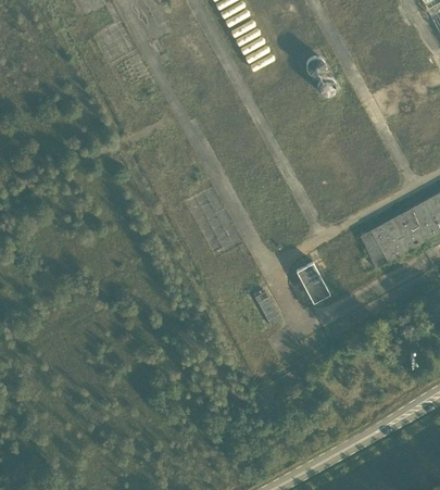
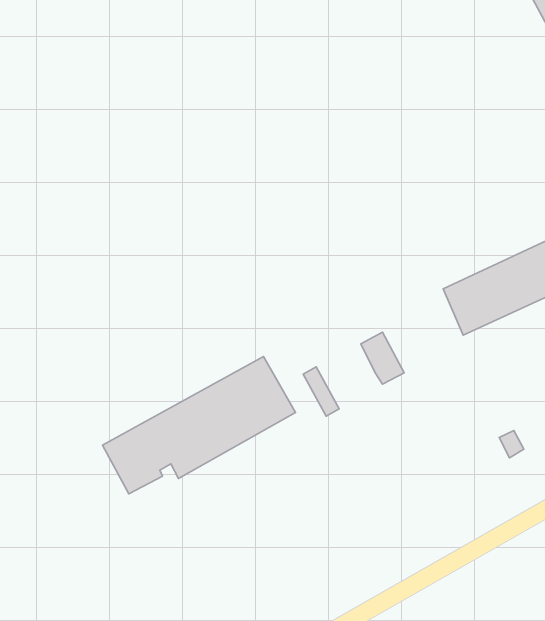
building: none -> [103,356,296,494]

